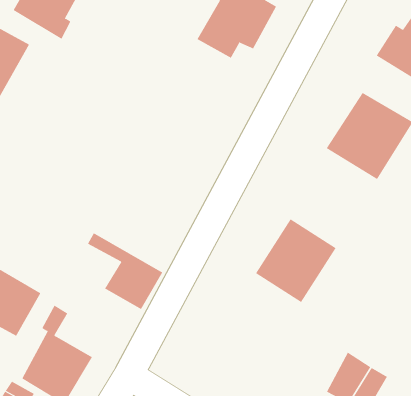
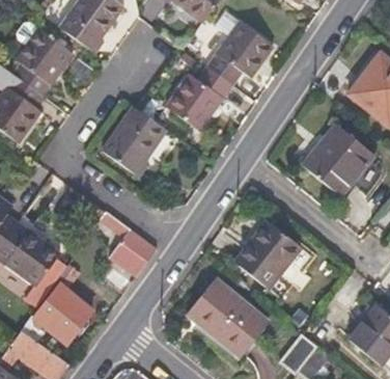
building: none -> [165,65,232,128]
building: none -> [101,104,163,173]
building: none -> [184,278,266,352]

